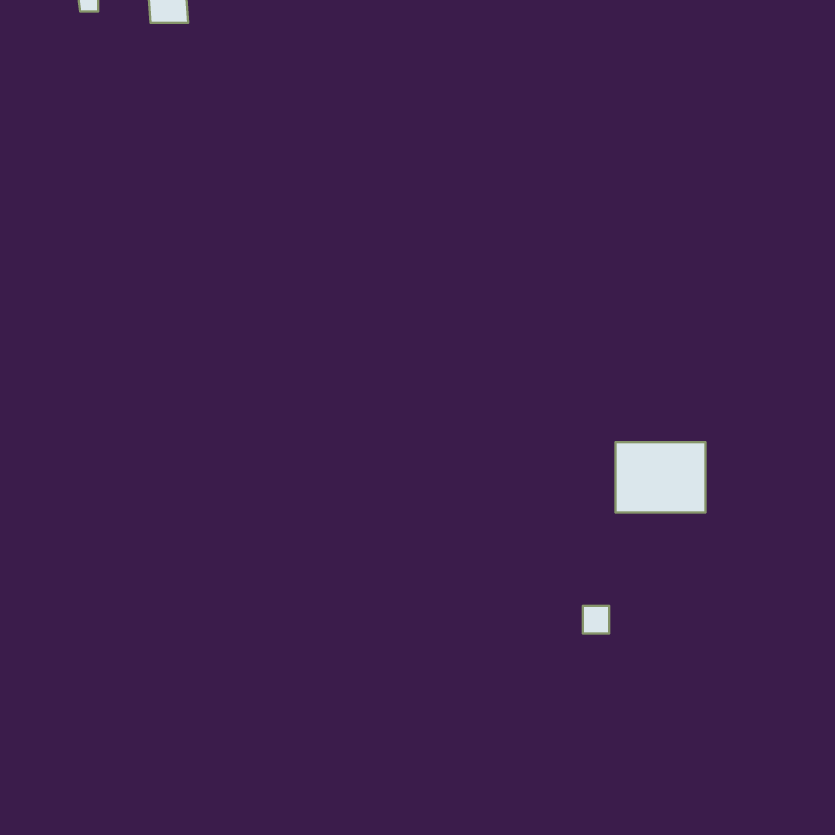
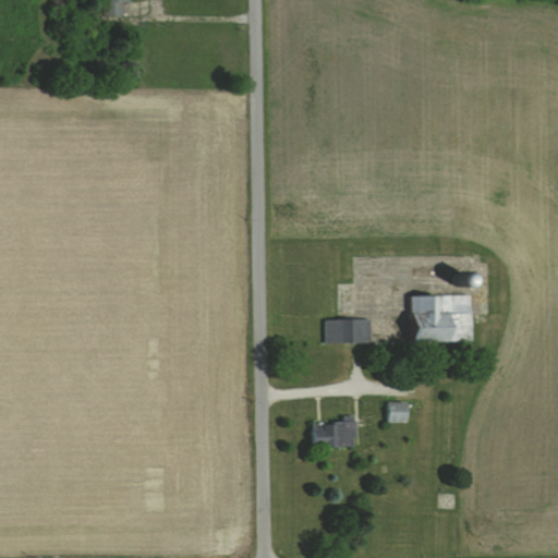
building: none -> [326,318,371,343]
building: none -> [312,423,354,447]

